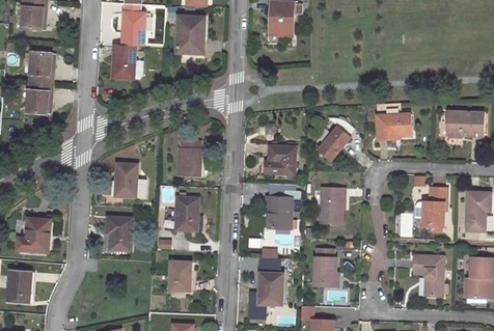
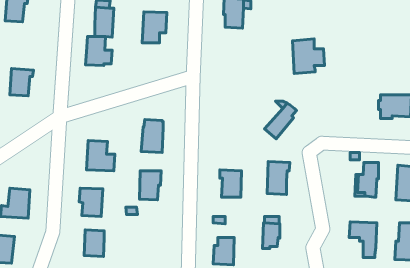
building: [28,51,53,83] -> none
building: [375,102,411,141] -> [292,39,324,74]
building: [264,145,294,173] -> none
building: [167,260,190,291] -> [84,230,104,256]

